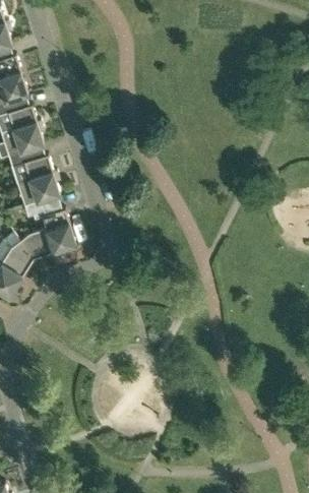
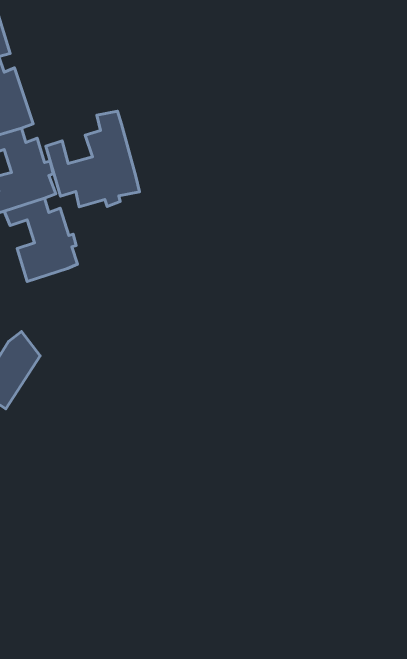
building: none -> [46,111,139,207]
building: [20,199,76,261] -> none

